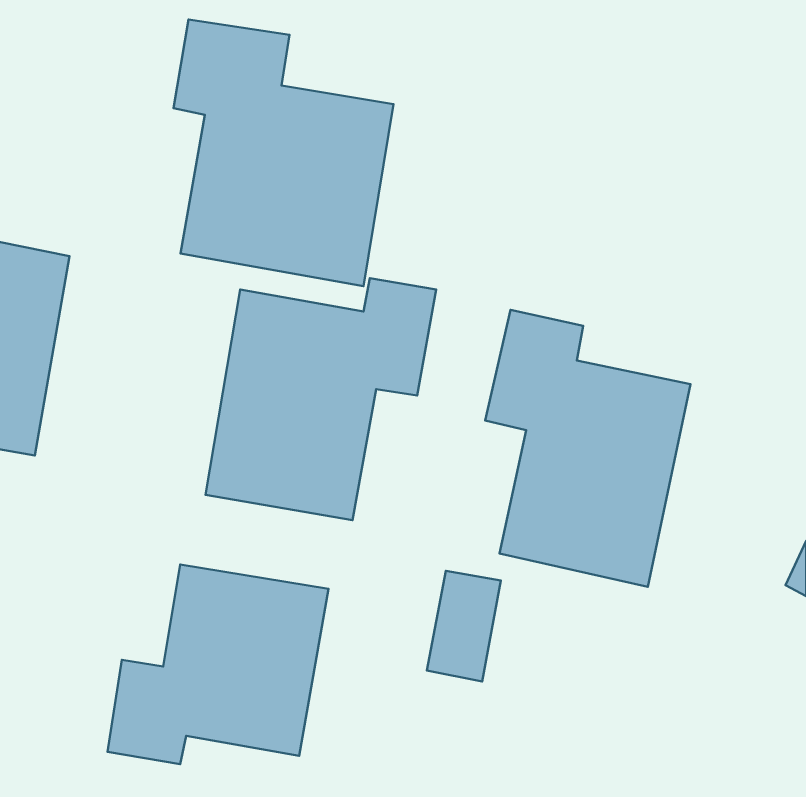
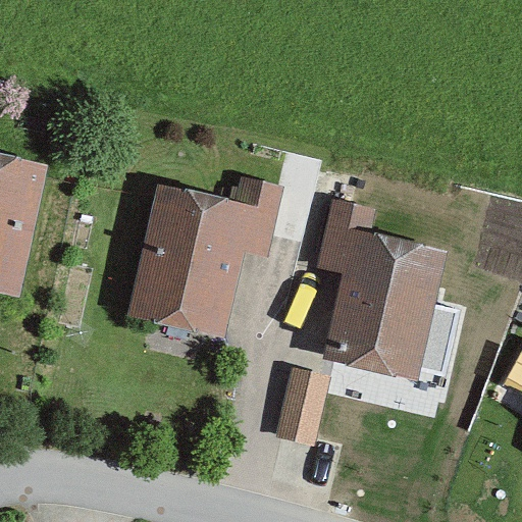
building: [174,19,394,286] -> none
building: [108,565,329,764] -> none

